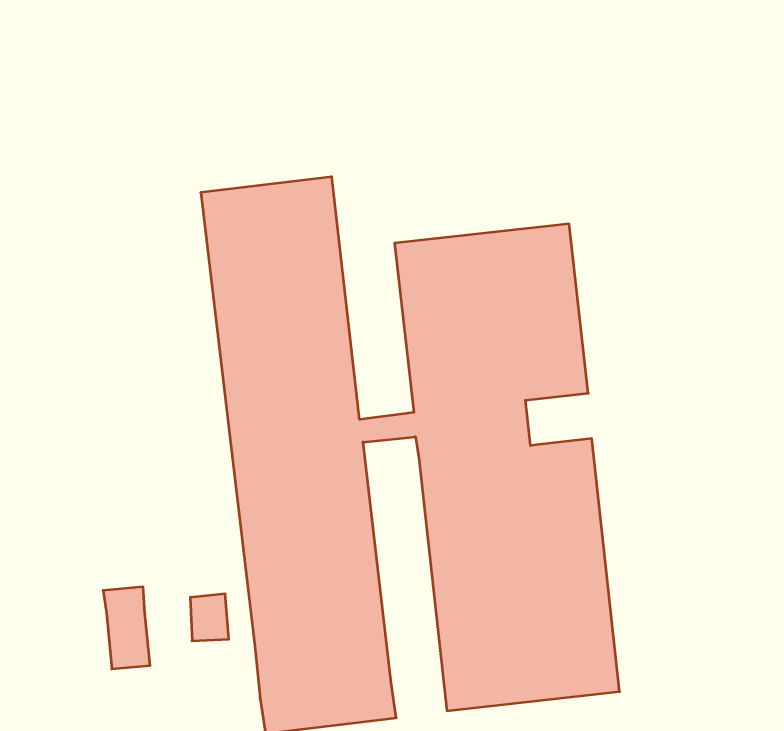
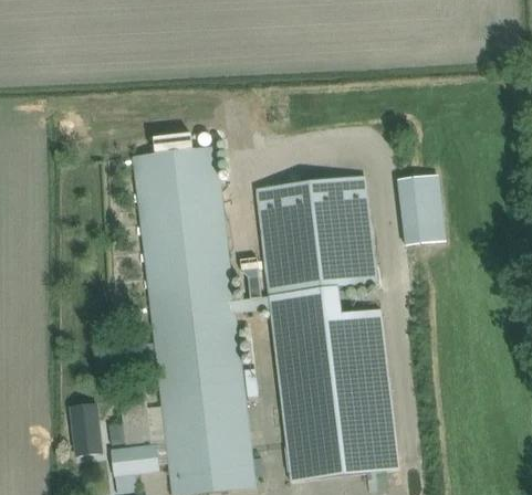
building: none -> [398,175,445,244]
building: none -> [109,442,158,482]

